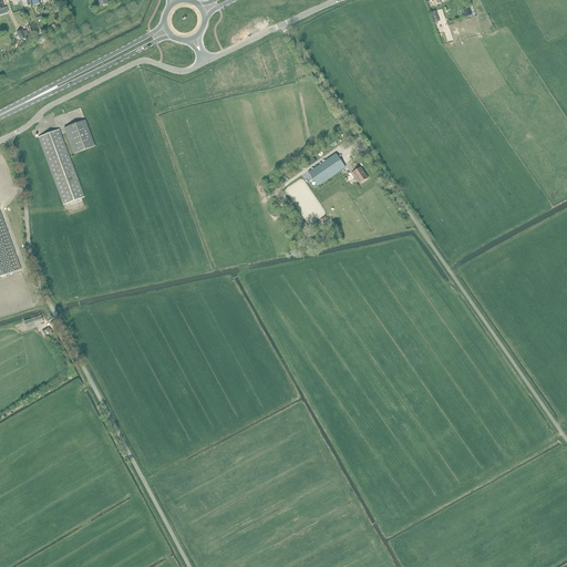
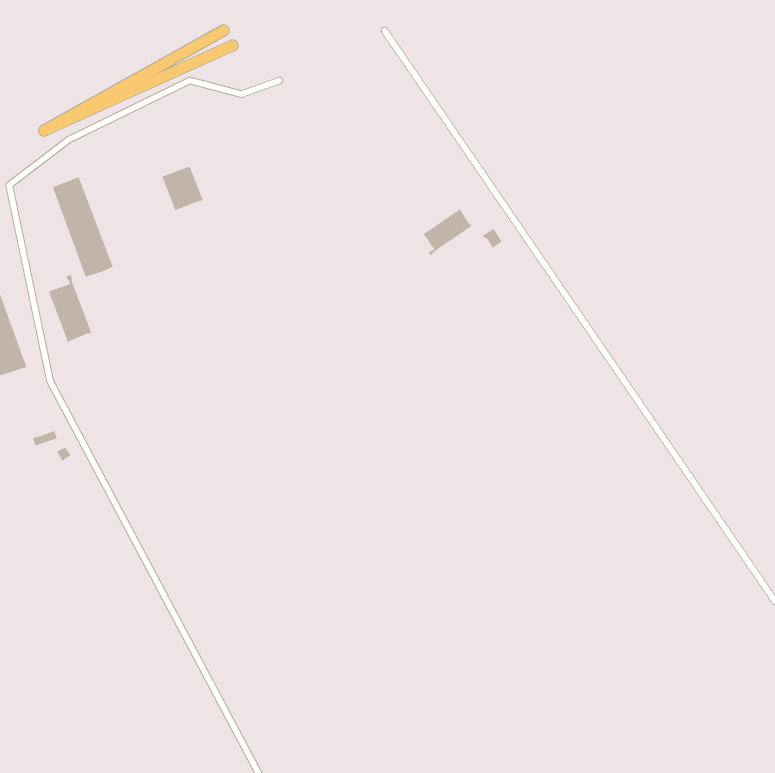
building: [63,118,94,152] -> [161,166,204,211]
building: none -> [48,274,93,343]

